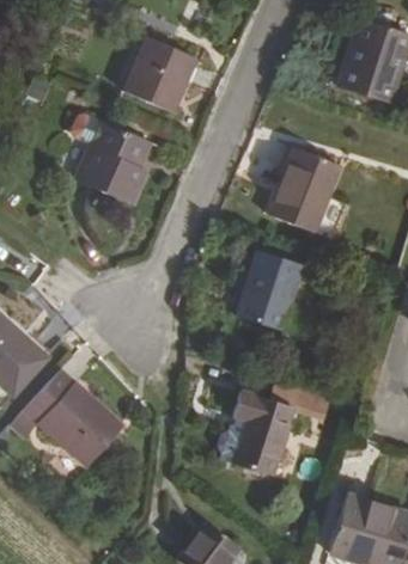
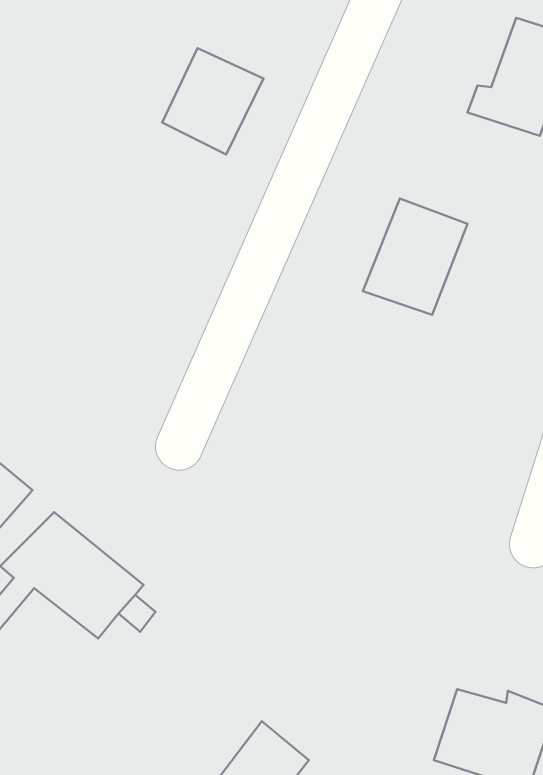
building: [71,124,145,213] -> none
building: [232,249,304,330] -> none
building: [229,382,291,471] -> none

